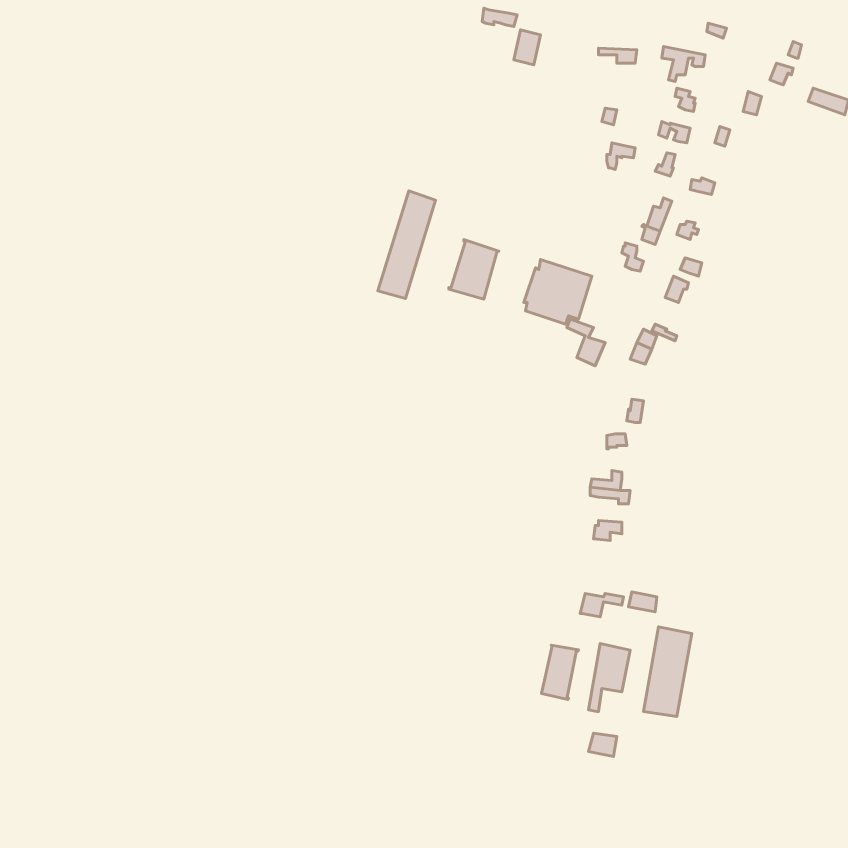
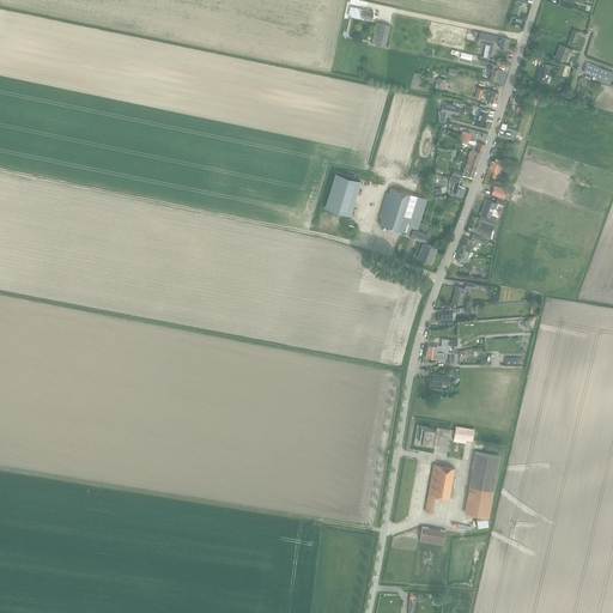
building: [378,191,436,299] -> none
building: [541,645,578,700] -> none

